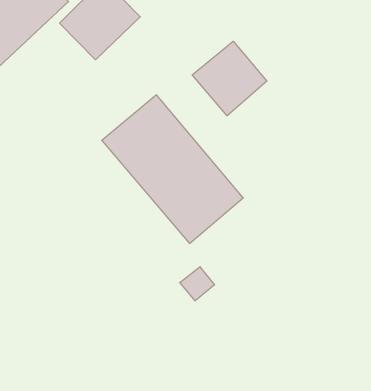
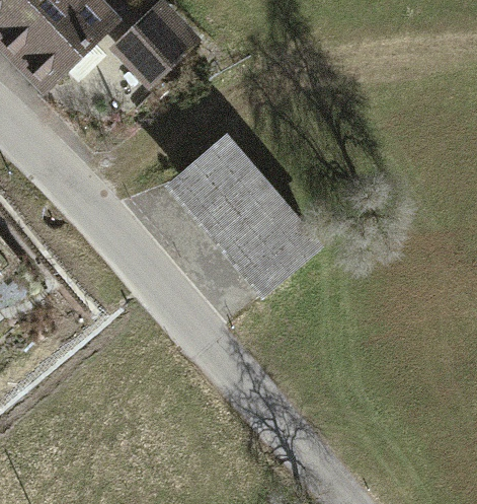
building: [192,41,267,116] -> none

